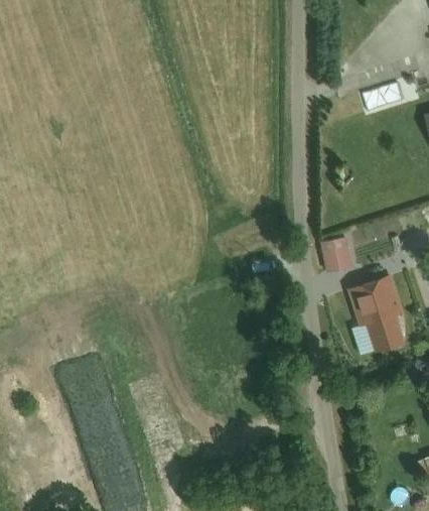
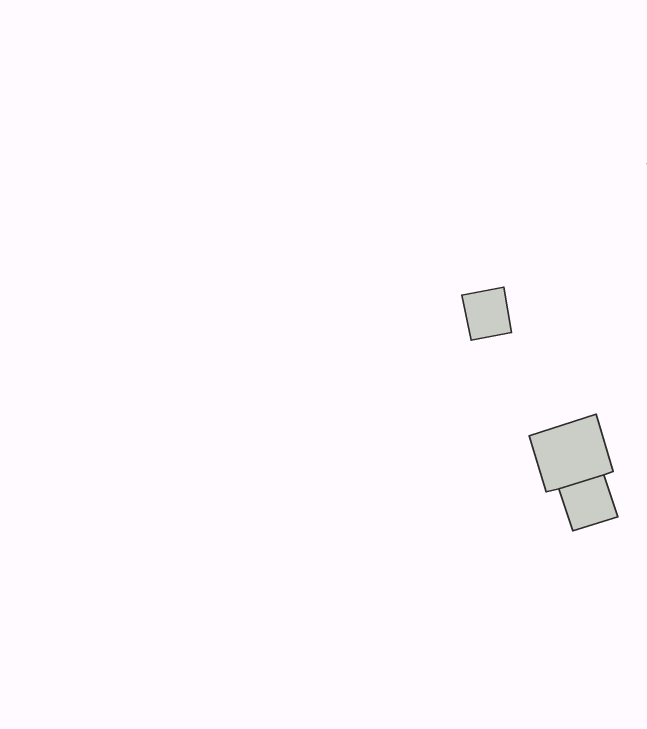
building: [318,239,350,273] -> [462,287,512,340]

